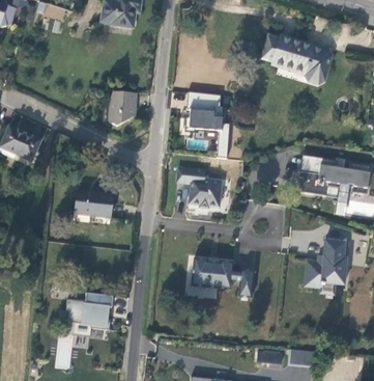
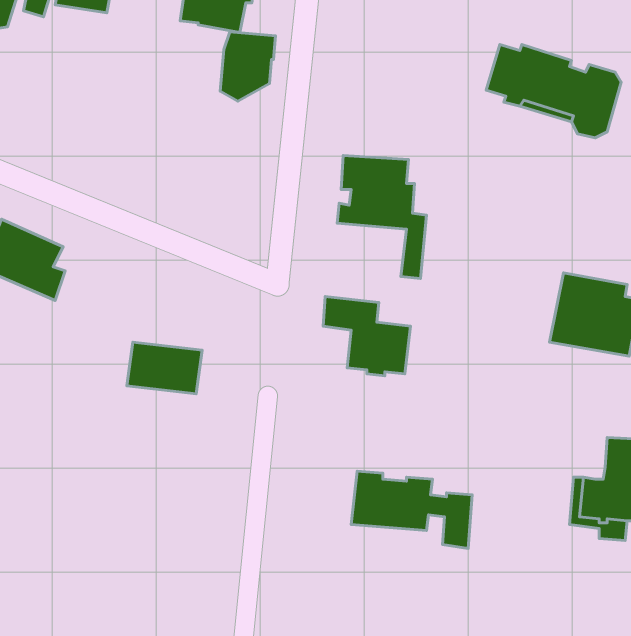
building: [108,89,137,126] -> [220,32,276,101]
building: [66,293,113,329] -> none

